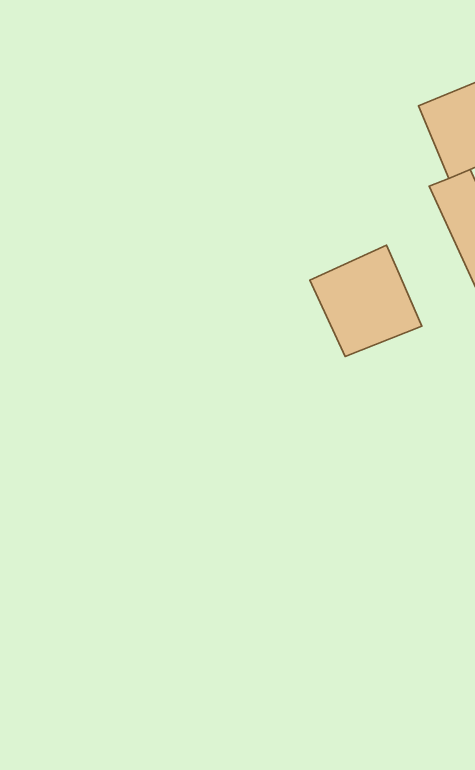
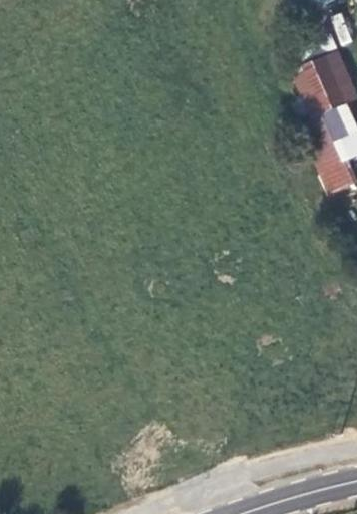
building: [310,245,422,356] -> none

